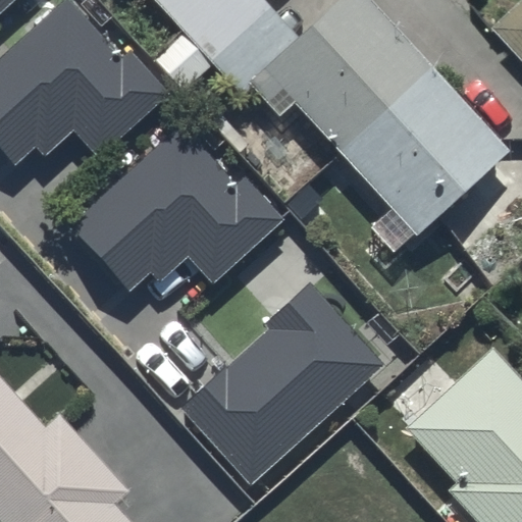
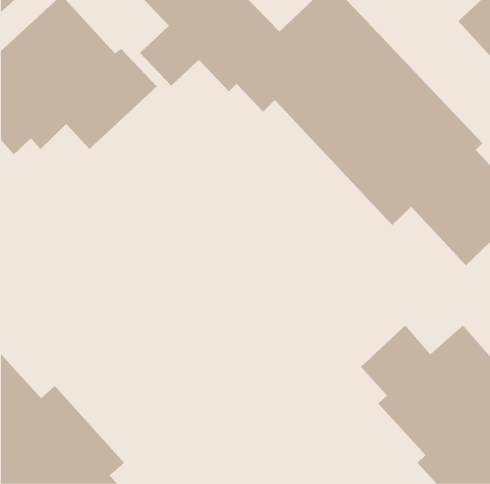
building: [68,122,282,294] -> none
building: [178,284,382,486] -> none

